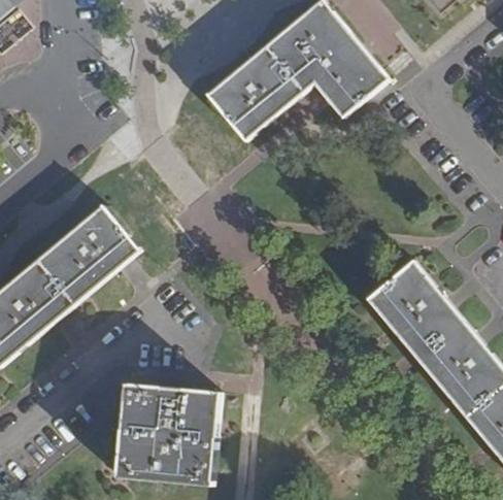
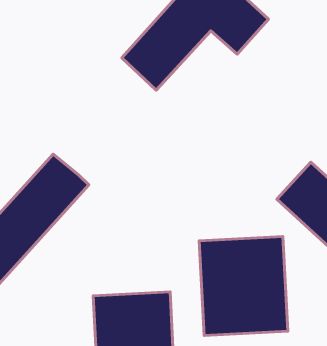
building: none -> [199,236,288,336]

